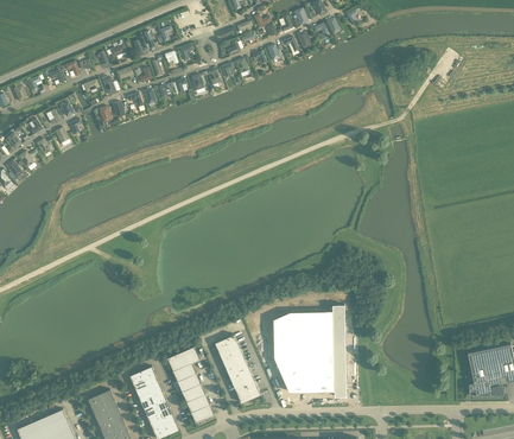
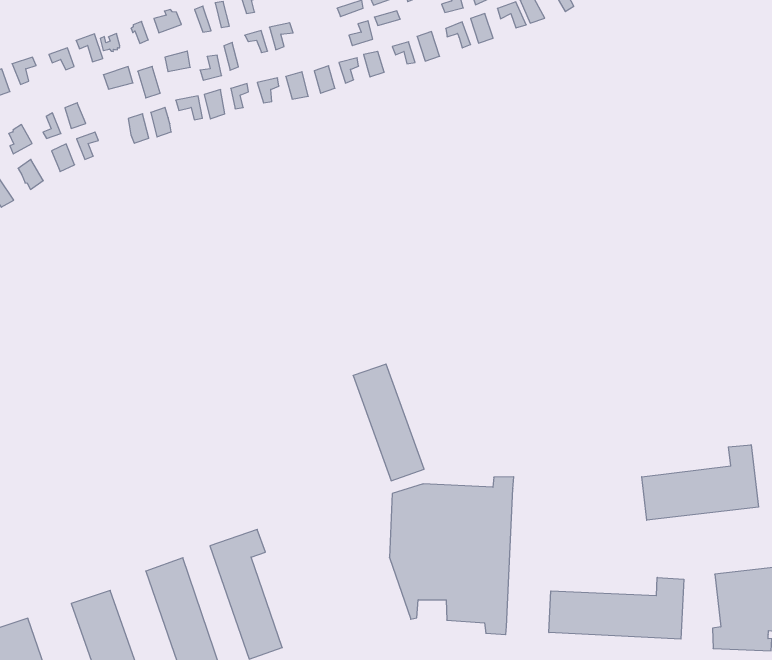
building: none -> [642,445,758,520]
building: [214,335,260,403] -> [353,364,424,481]
building: none -> [549,577,684,639]

